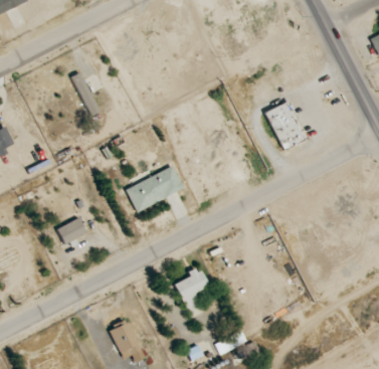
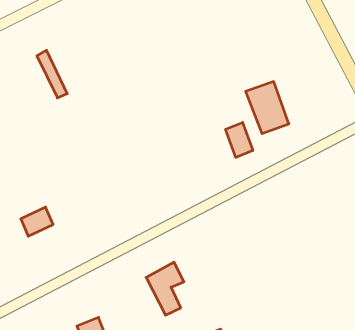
building: none -> [226,122,253,157]
building: [126,166,184,211] -> none

